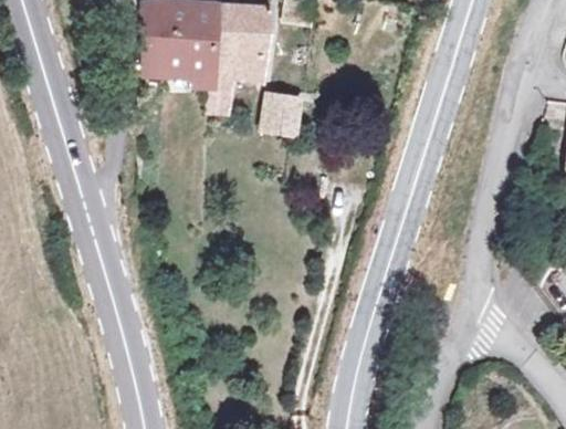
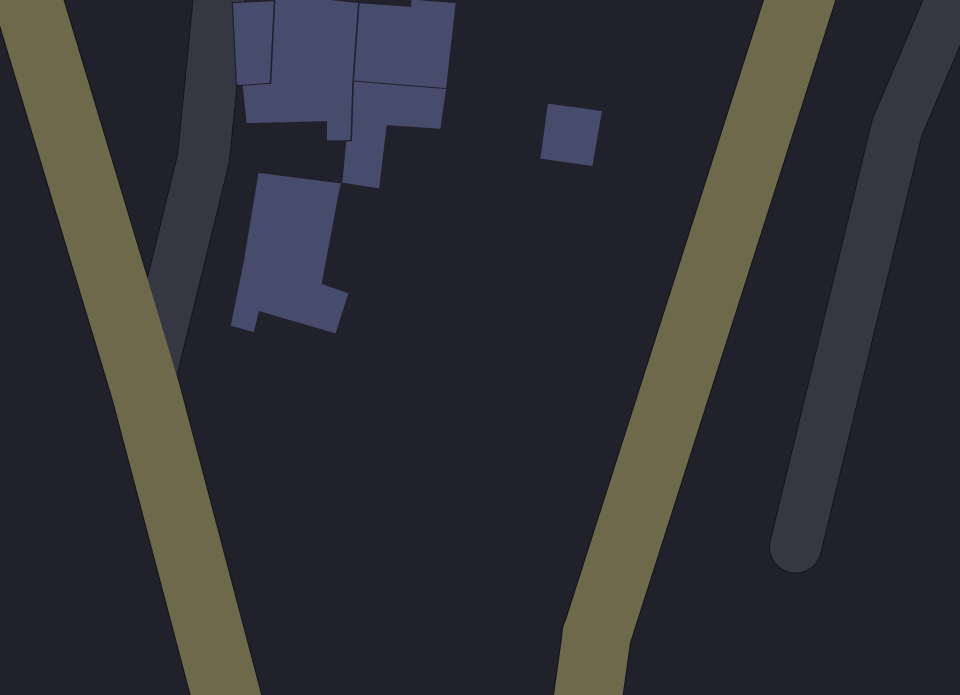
building: [263,96,300,133] -> [540,103,603,167]
building: none -> [230,172,349,334]

